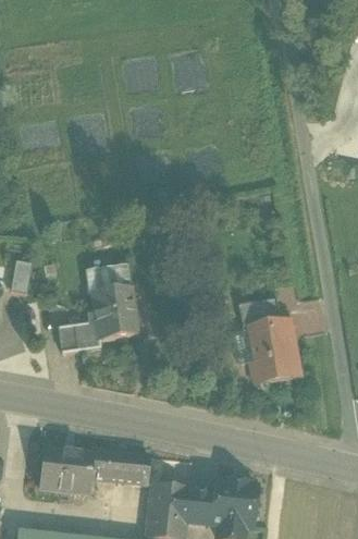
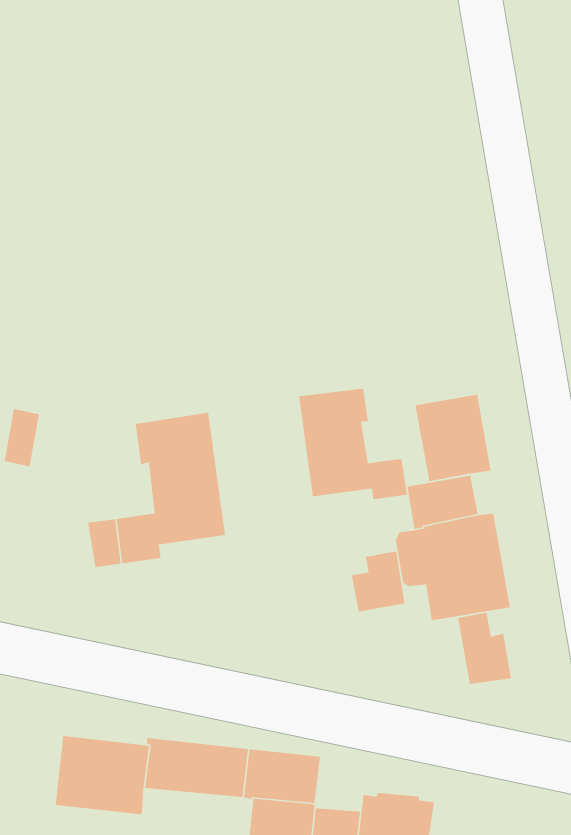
building: none -> [298,388,408,500]
building: none -> [415,394,492,482]
building: none -> [351,551,406,613]
building: none -> [457,612,512,685]

